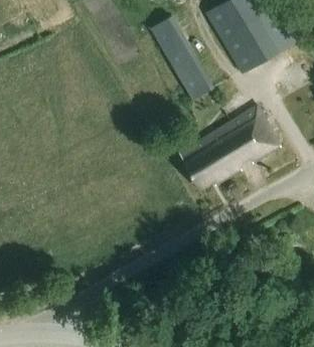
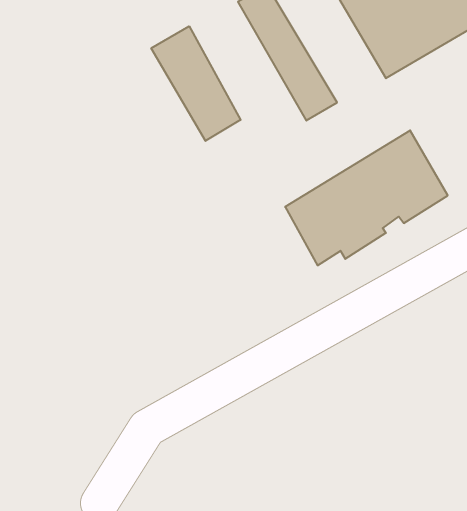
building: none -> [151,26,241,141]

